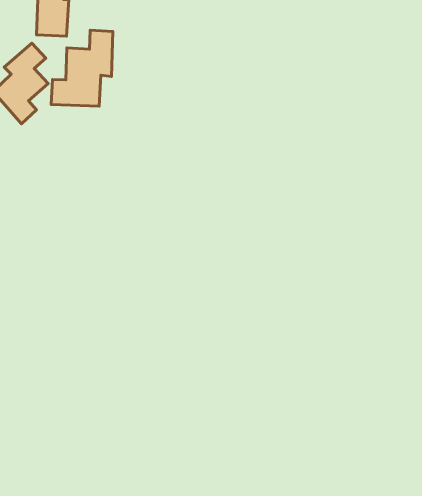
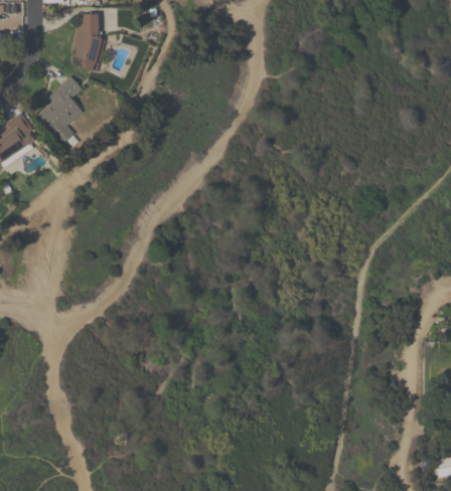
building: [51,30,113,106] -> none

